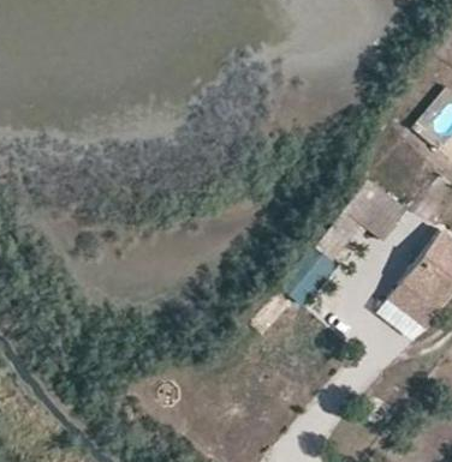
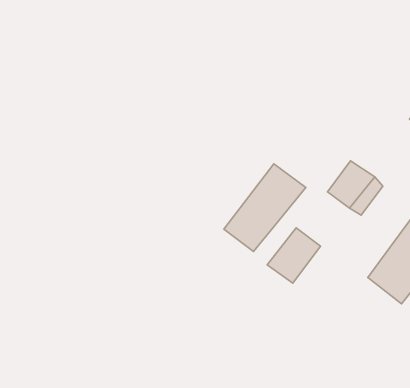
building: none -> [224,164,306,251]

